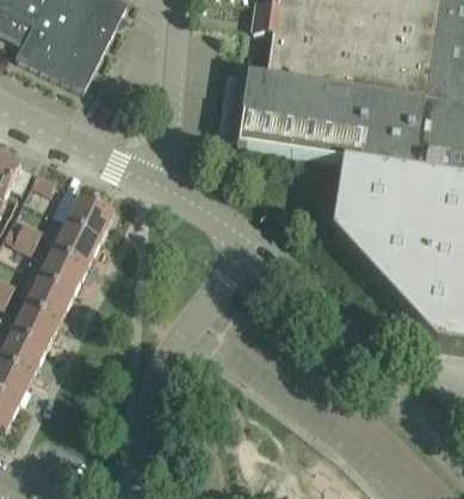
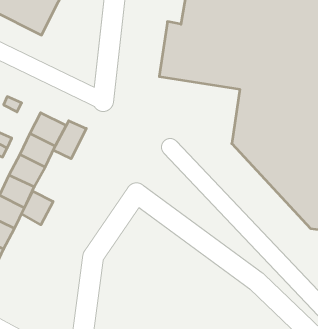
building: none -> [53,121,86,159]
building: none -> [21,191,53,225]

